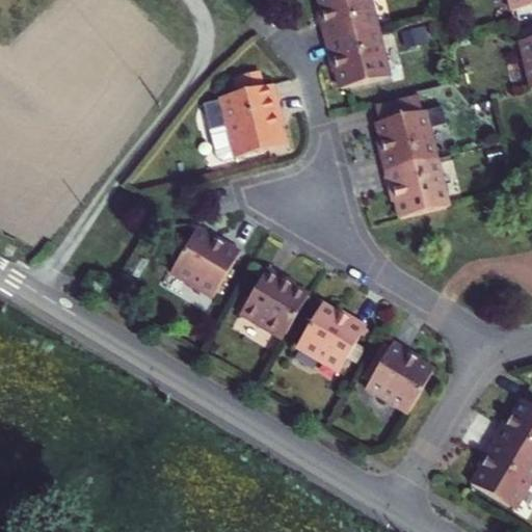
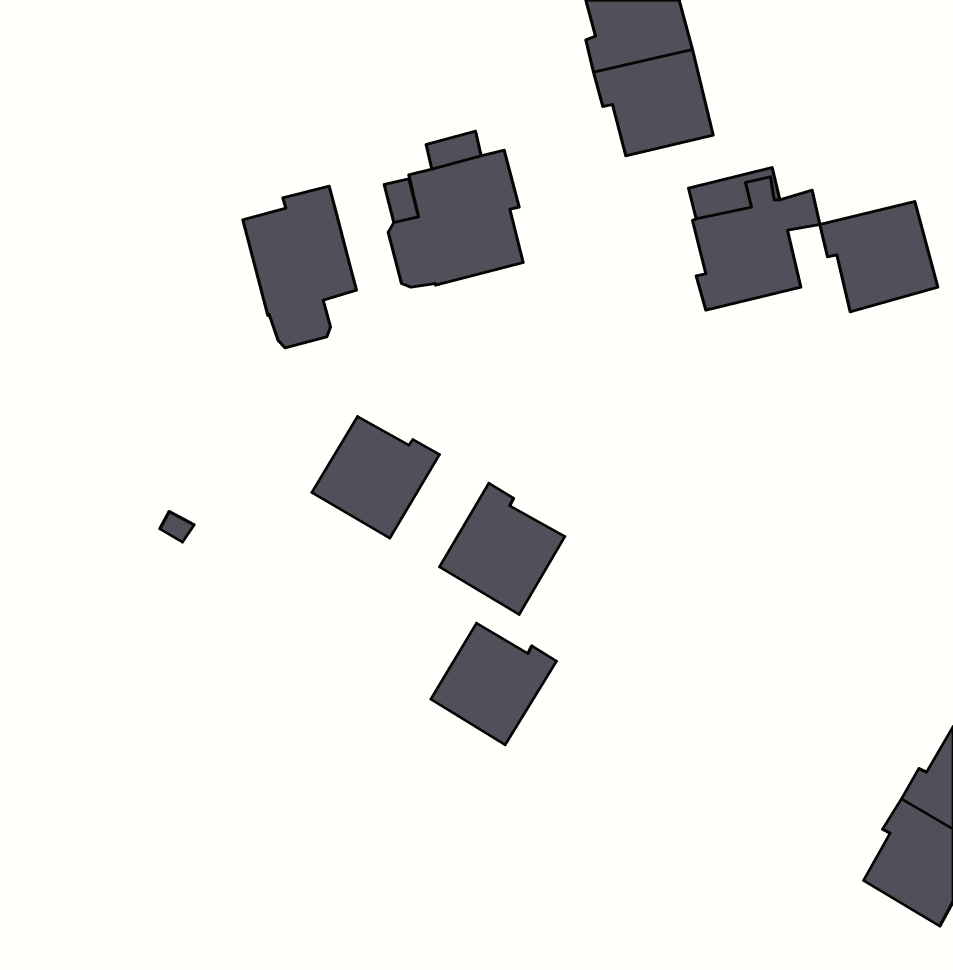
building: none -> [243,186,356,348]
building: [385,158,450,218] -> [820,202,938,312]
building: [296,302,365,369] -> [431,623,556,745]
building: [366,340,434,411] -> none

